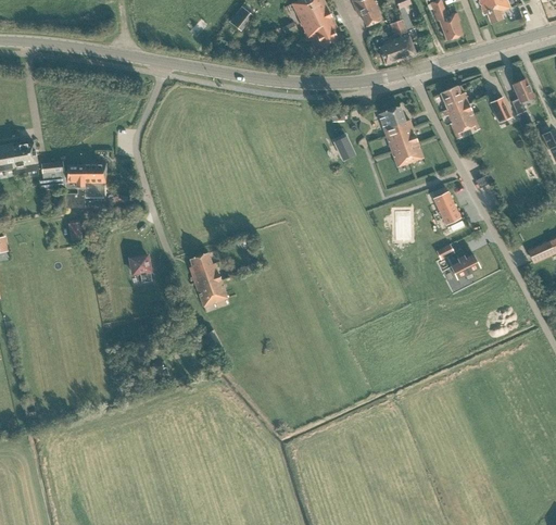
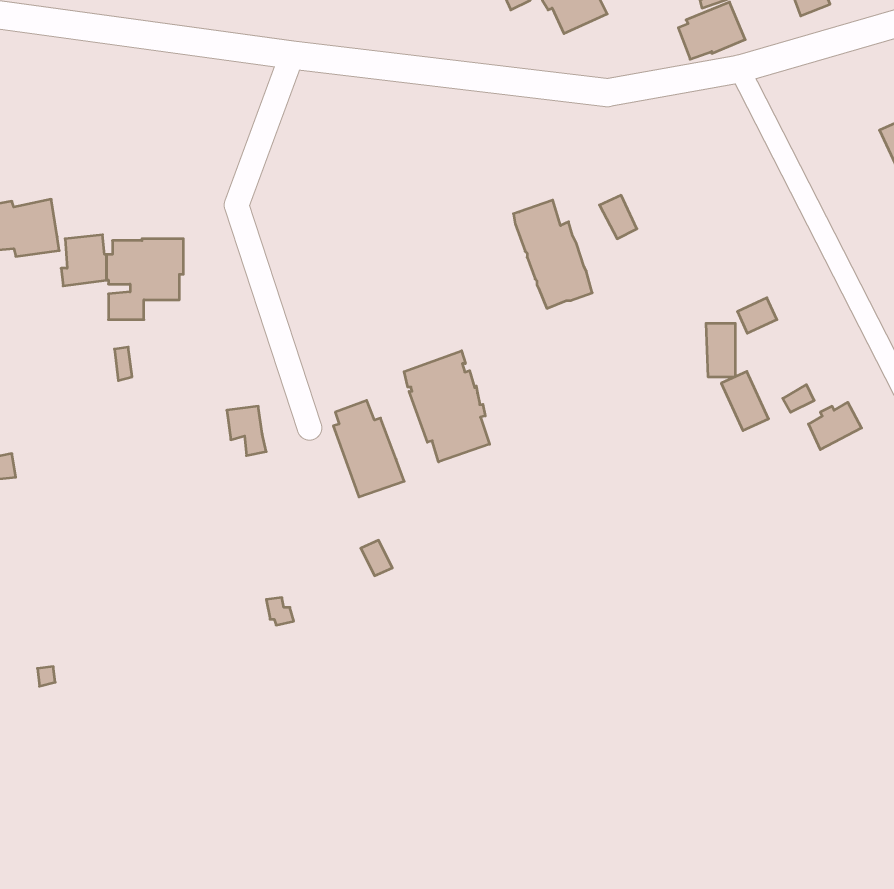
building: [440,84,479,137] -> none
building: [379,105,422,165] -> [513,200,592,308]
building: [434,191,460,224] -> [721,371,769,431]
building: none -> [404,351,490,462]

